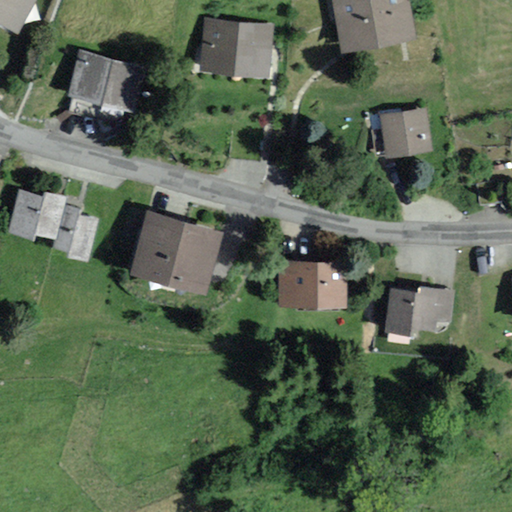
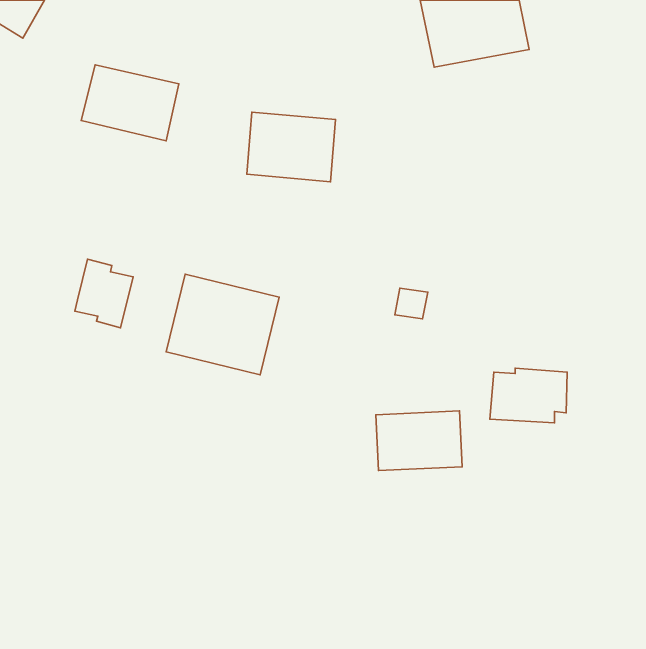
building: [199,20,269,75] -> [247,112,336,182]
building: [379,108,429,157] -> none
building: [13,188,71,236] -> none
building: [277,259,345,306] -> [376,411,462,471]

